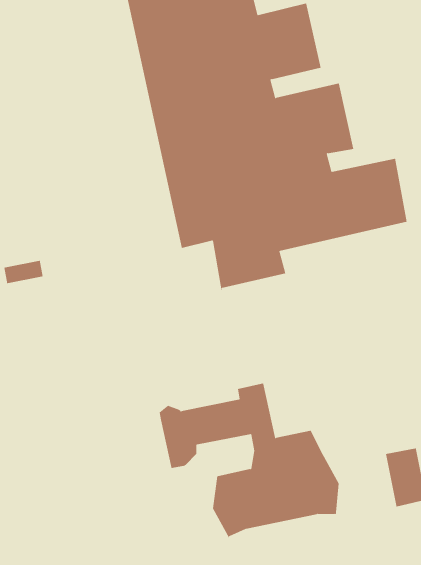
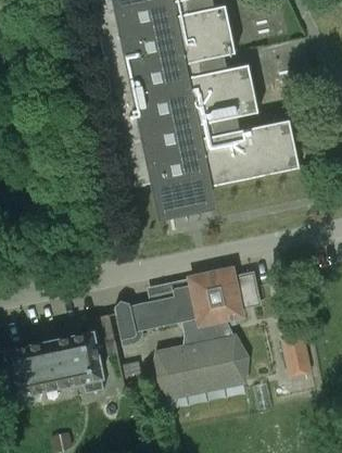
building: none -> [193,269,262,325]
building: none -> [11,313,121,393]

